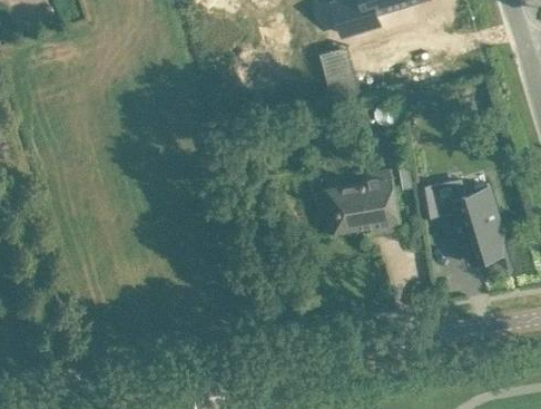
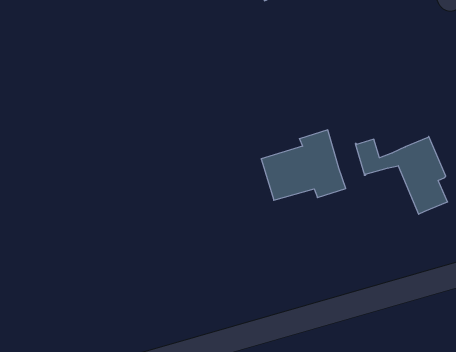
building: [319,48,360,97] -> none

